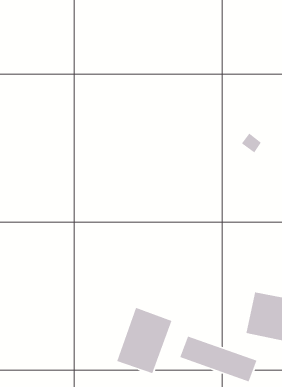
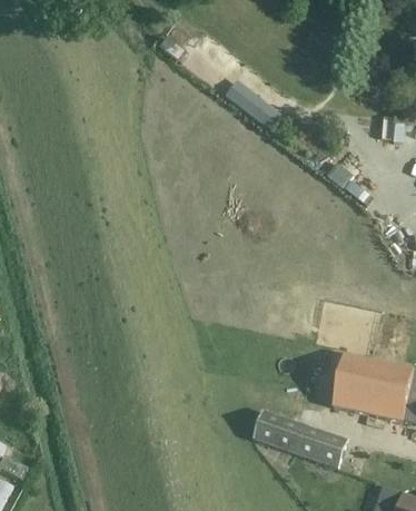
building: [116,307,172,374] -> none

